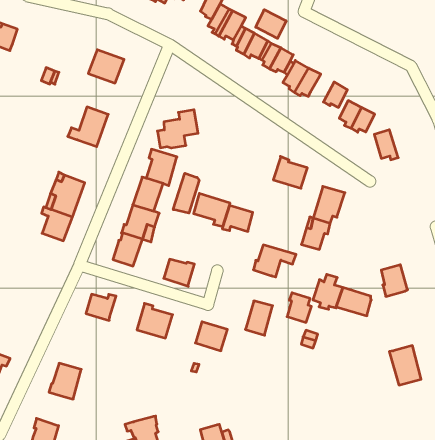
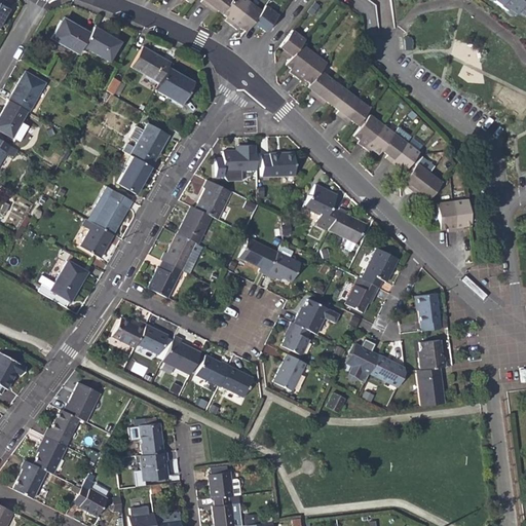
building: [256,10,286,38] -> none
building: none -> [84,27,122,62]
building: none -> [134,47,172,88]
building: none -> [380,132,406,160]
building: none -> [264,154,297,178]
building: none -> [454,198,473,230]
building: none -> [303,184,338,229]
building: none -> [119,156,152,193]
building: [173,173,199,213] -> none
building: none -> [418,294,442,331]
building: none -> [52,261,88,300]
building: [164,259,194,286] -> [195,354,229,385]
building: [287,293,311,322] -> [281,320,308,352]
building: none -> [136,323,168,353]
building: [389,346,421,385] -> [417,368,445,406]
building: none -> [139,418,163,454]
building: none -> [43,408,77,445]

